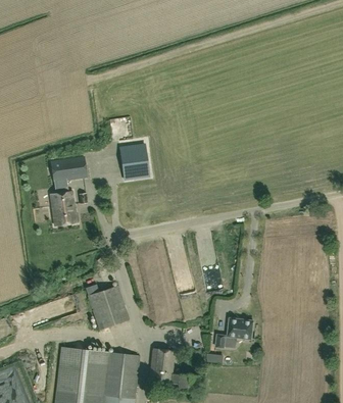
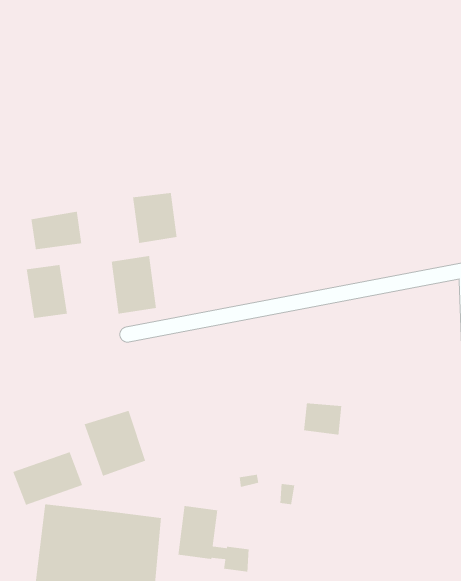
building: none -> [111,255,157,314]
building: none -> [12,451,83,506]
building: [227,317,252,339] -> [303,403,342,435]

